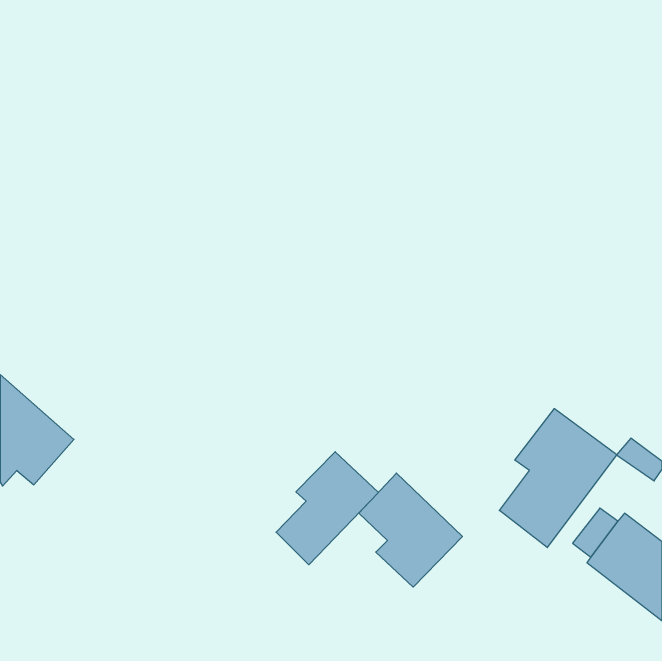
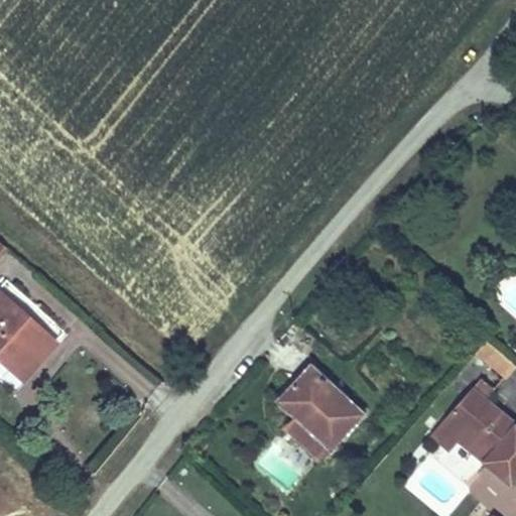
building: [499,409,617,548] -> none
building: [276,452,378,565] -> none

